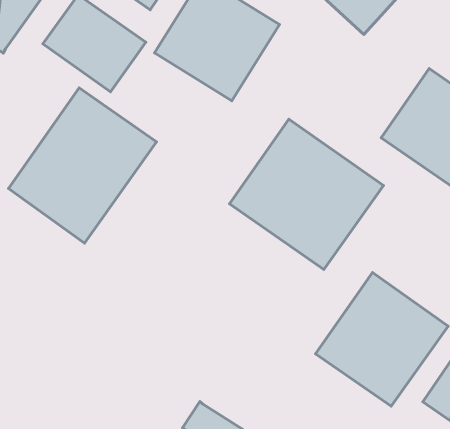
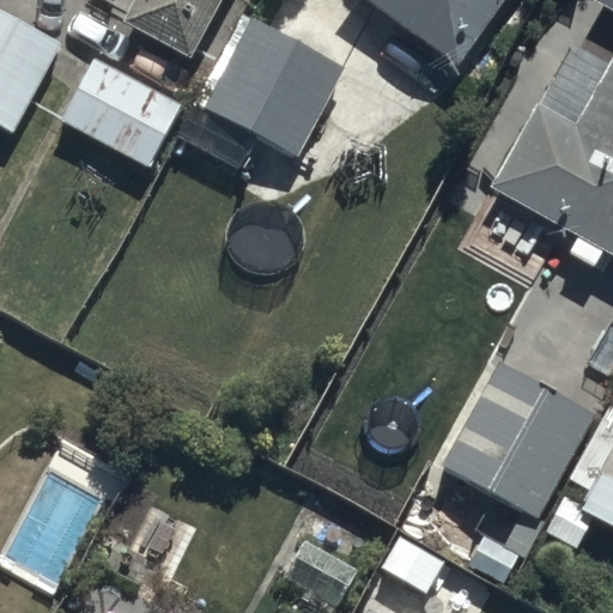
building: [9,88,156,243] -> none
building: [229,119,384,270] -> none

